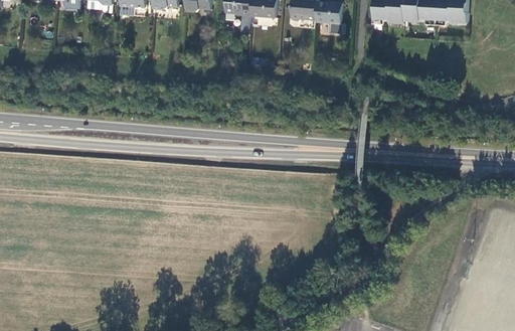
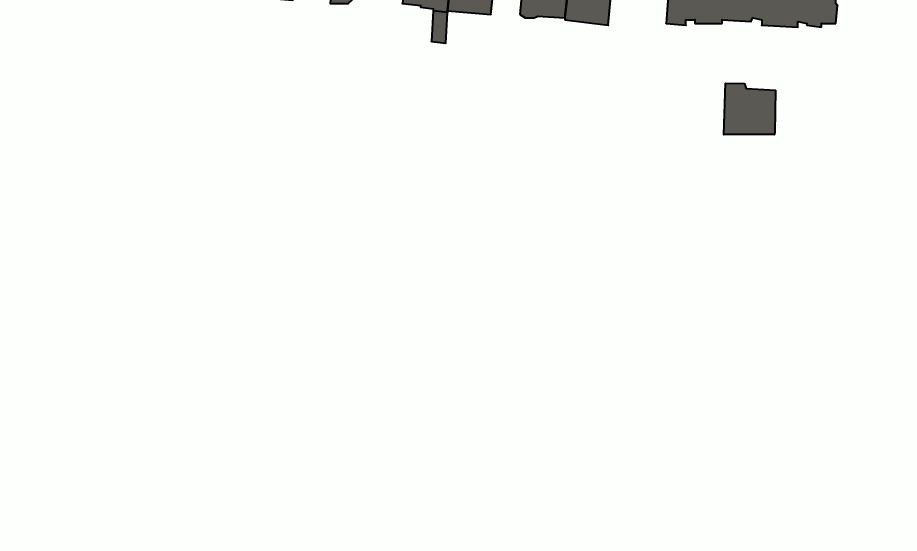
building: none -> [724,83,775,135]

